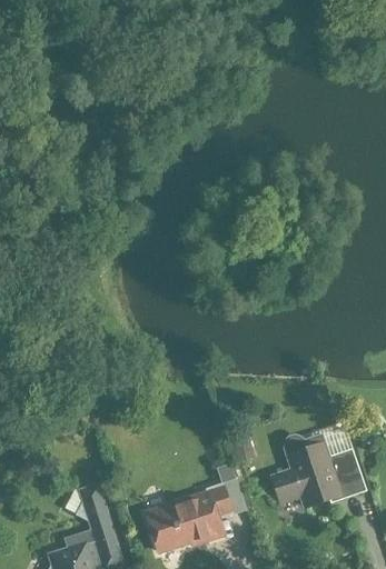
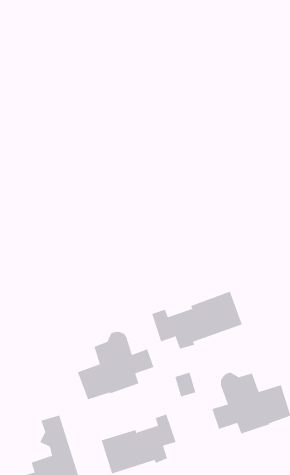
building: none -> [151,291,242,350]
building: none -> [77,331,154,400]

